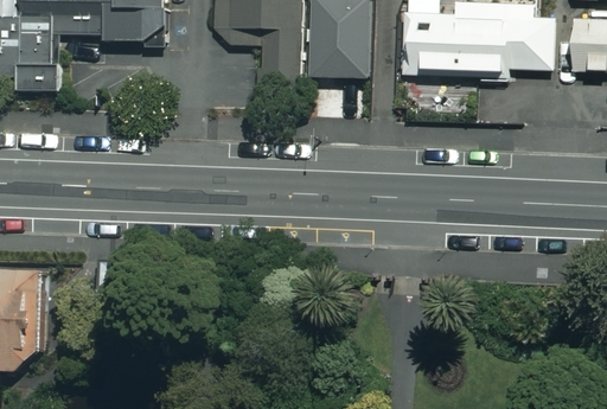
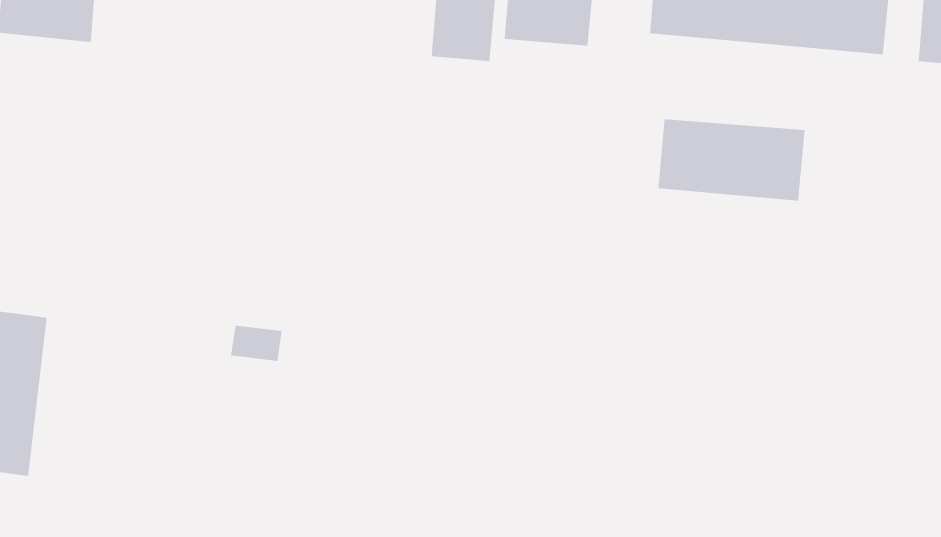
building: none -> [658,118,805,201]

